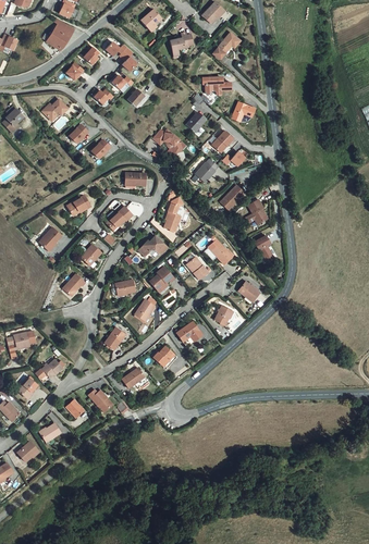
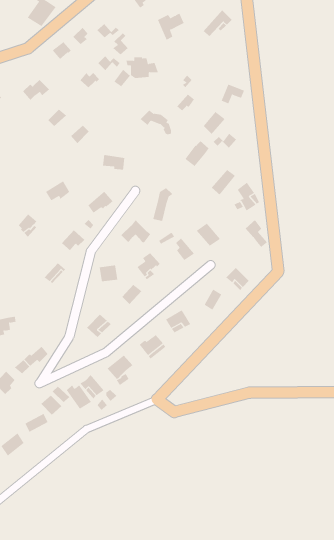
building: [200,75,232,96] -> [126,57,159,78]

